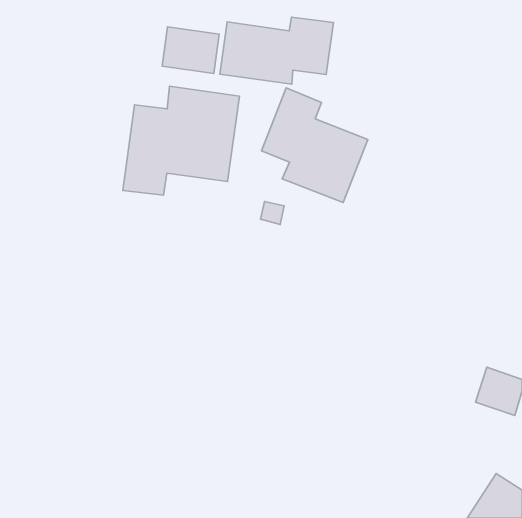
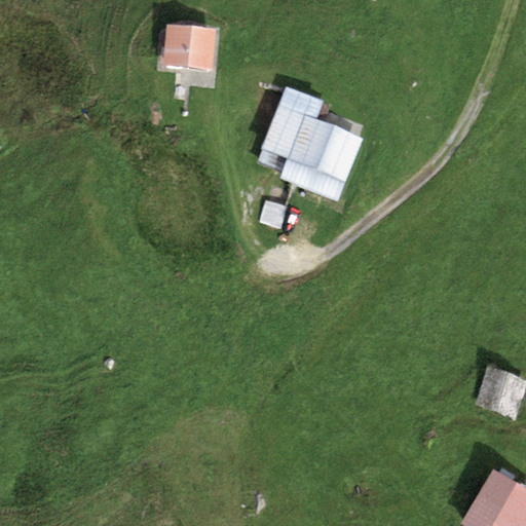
building: [220,17,333,84] -> none
building: [123,86,240,195] -> none

